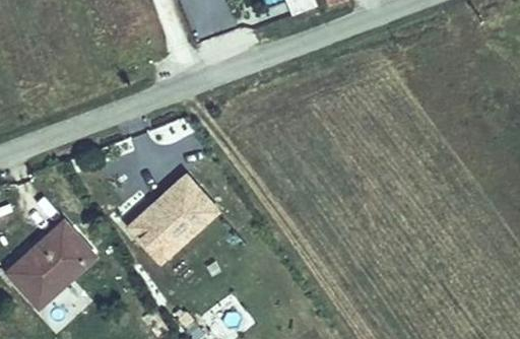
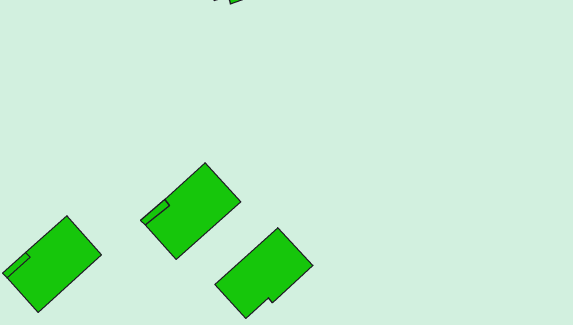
building: none -> [215,228,313,318]

